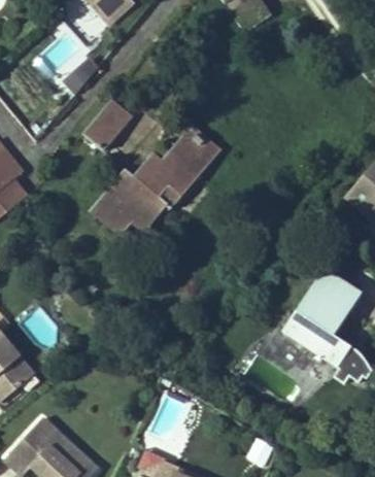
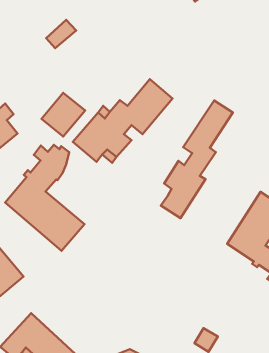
building: [82,101,136,155] -> [41,93,85,136]
building: none -> [161,100,233,218]
building: none -> [5,145,84,251]

